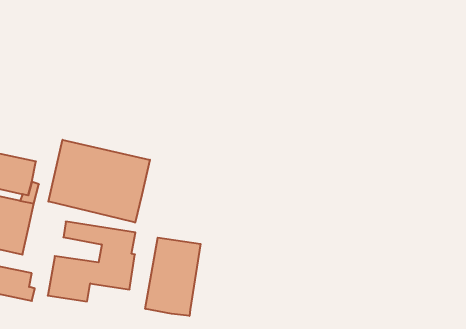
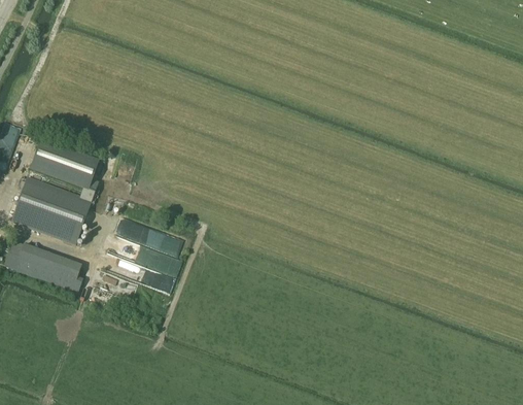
building: [48,140,150,223] -> none
building: [145,238,201,316] -> none

